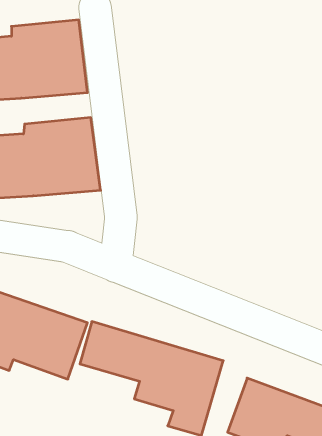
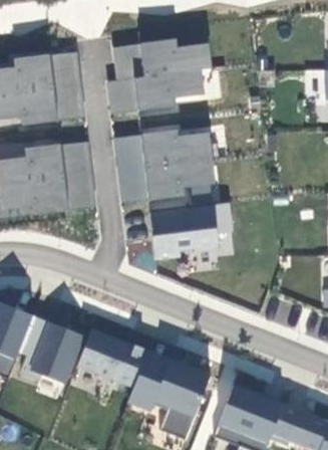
building: none -> [105,39,211,115]
building: none -> [111,130,216,201]
building: none -> [148,203,217,259]

